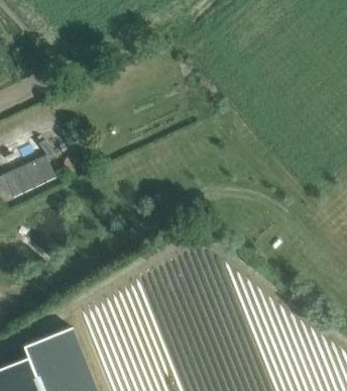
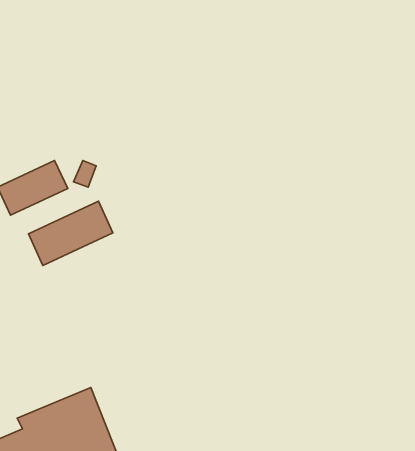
building: none -> [29,201,113,265]

